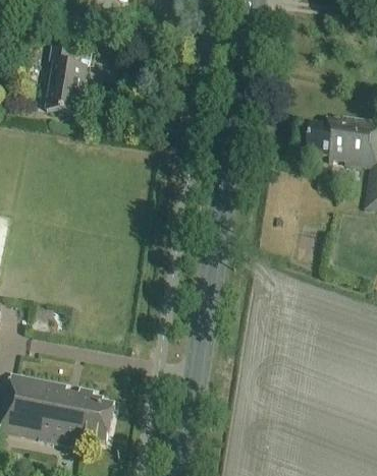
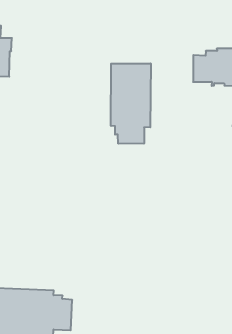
building: none -> [111,63,151,144]

